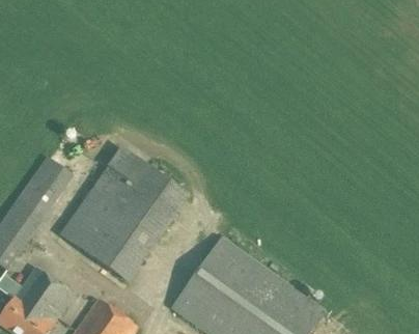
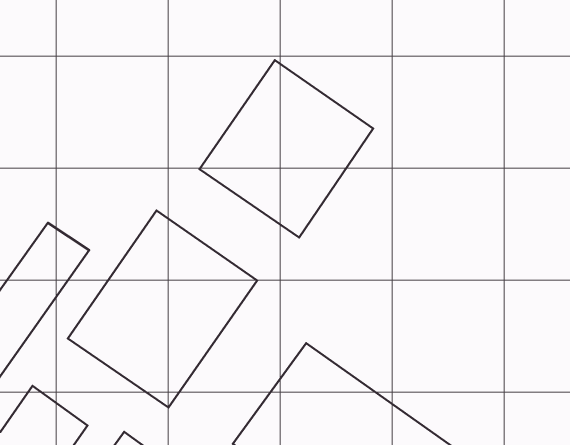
building: none -> [200,60,373,237]

